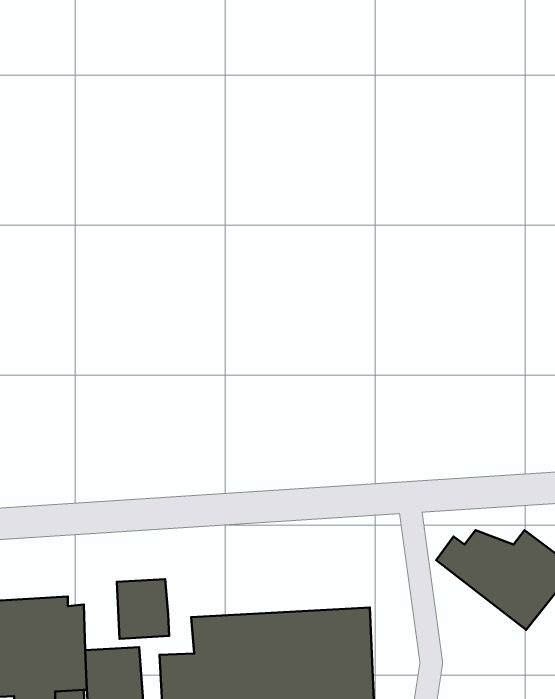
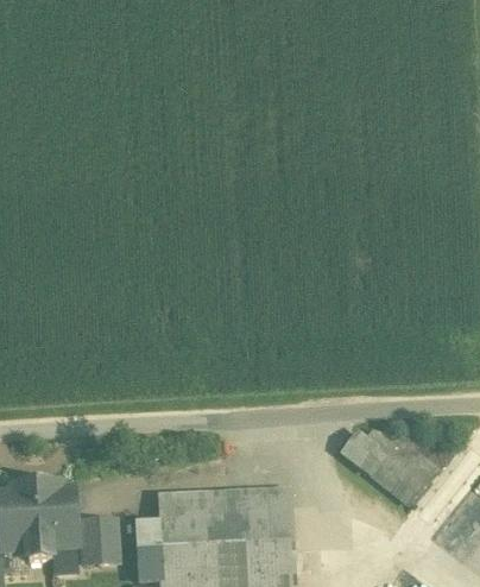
building: [117,579,169,639] -> none

